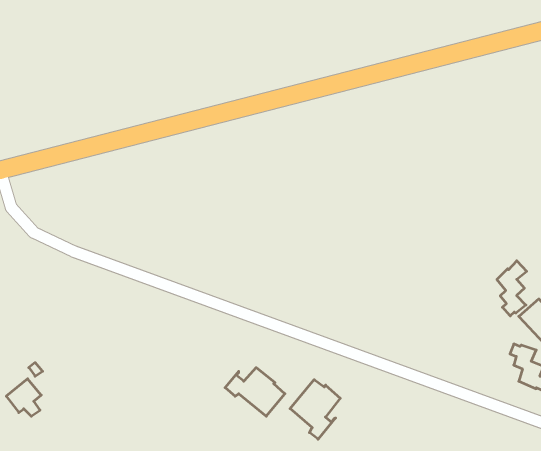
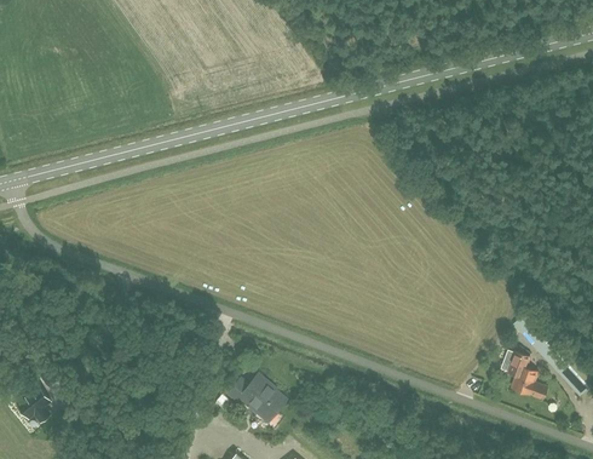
building: [497,261,527,316] -> none
building: [290,380,340,439] -> none

